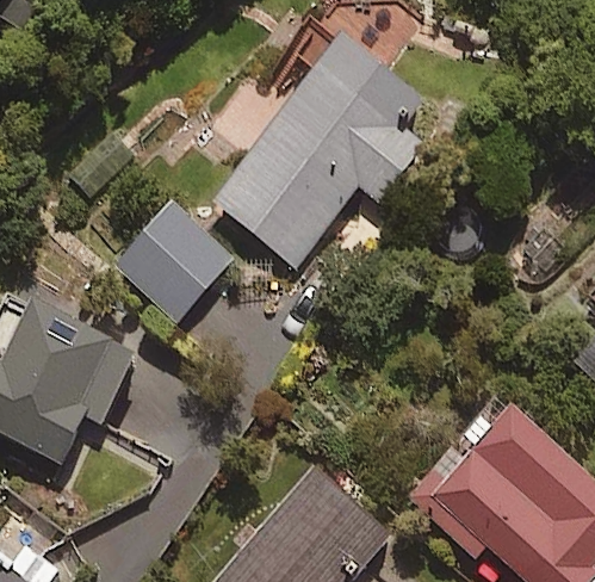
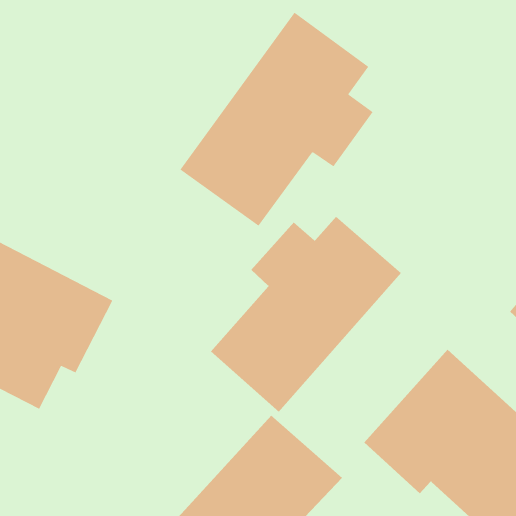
building: [114,202,233,320] -> none
building: none -> [210,216,402,412]

